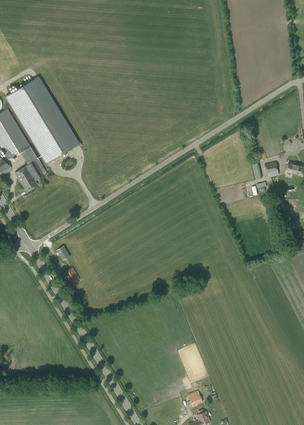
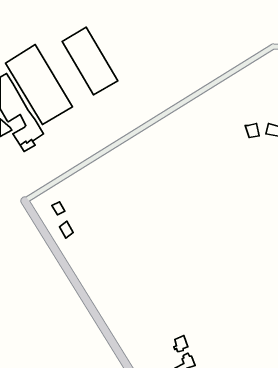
building: none -> [62,27,118,95]

